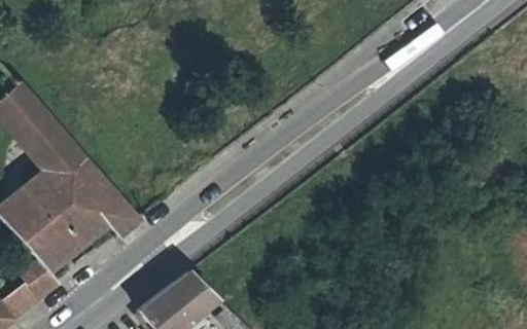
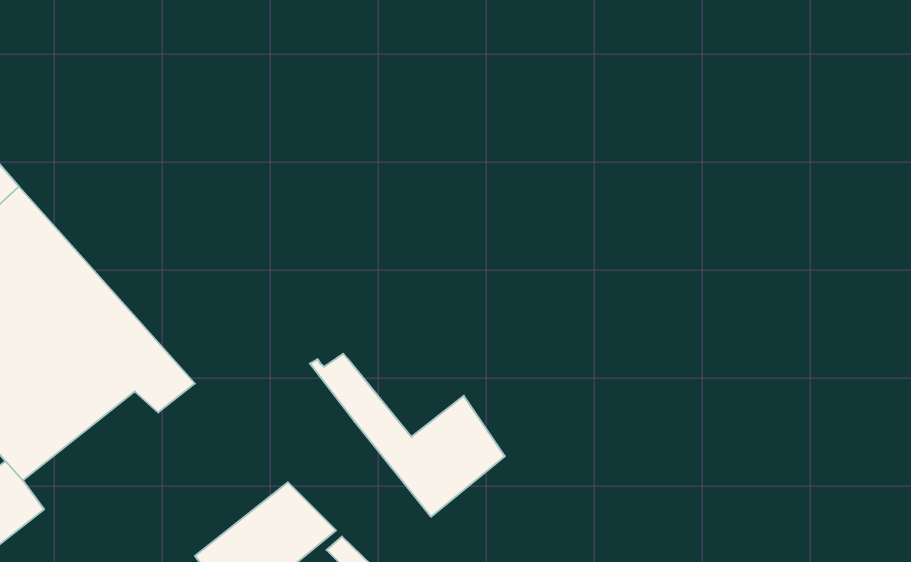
building: none -> [310,354,505,517]

